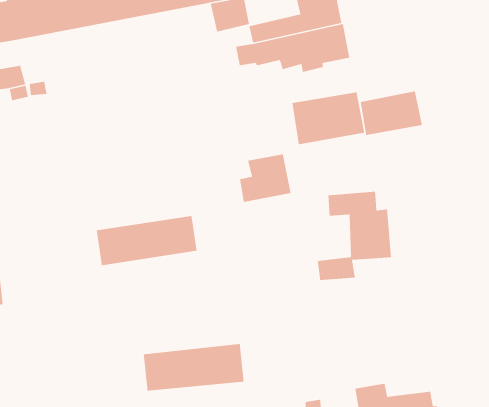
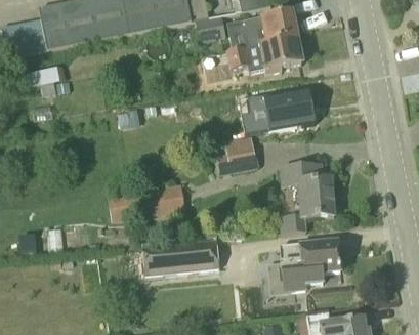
building: [360,91,423,136] -> none
building: none -> [280,239,340,293]
building: [143,343,245,392] -> [141,239,219,276]

